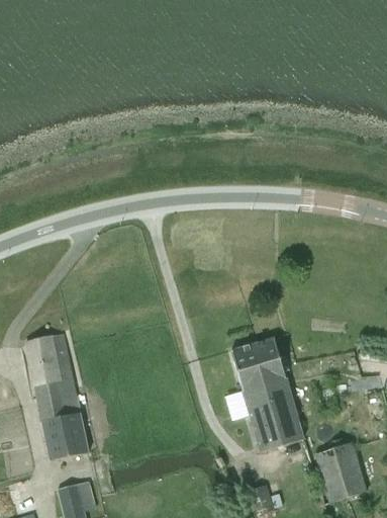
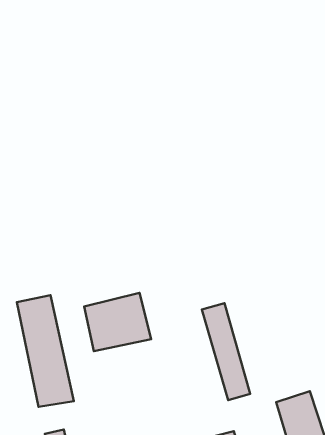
building: none -> [84,293,151,351]
building: [257,337,304,444] -> none

